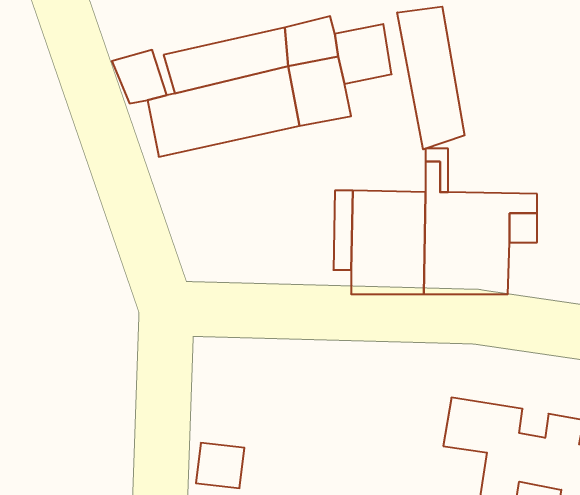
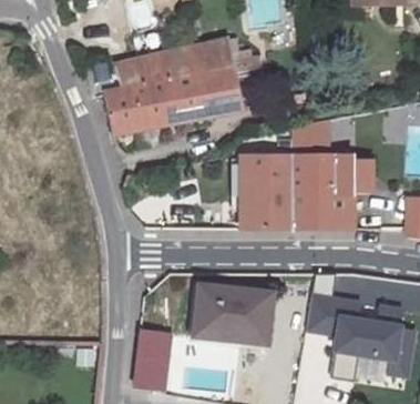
building: [397,7,465,149] -> none
building: none -> [195,283,274,345]

